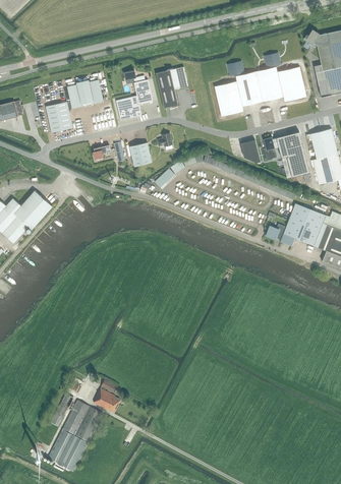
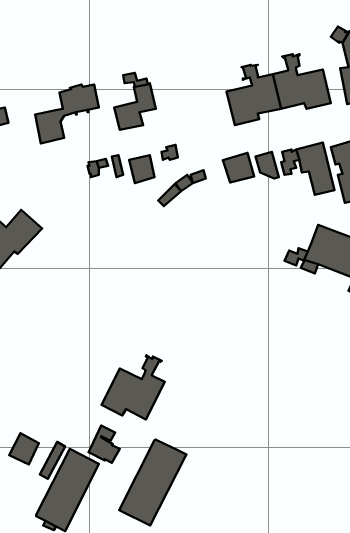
building: [155,66,187,107] -> none
building: none -> [223,153,254,183]
building: none -> [101,355,165,420]
building: none -> [9,433,39,465]
building: none -> [119,439,186,525]

